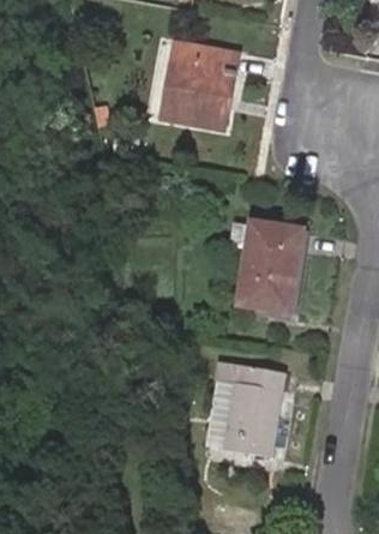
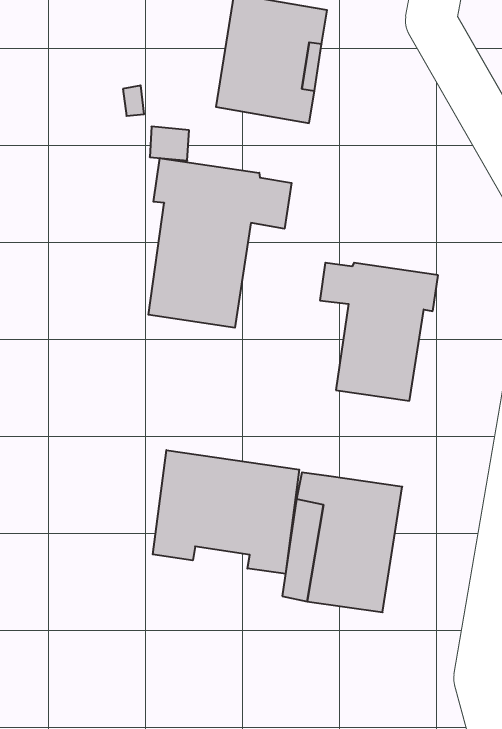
building: none -> [148,158,292,328]
building: none -> [153,450,299,574]

